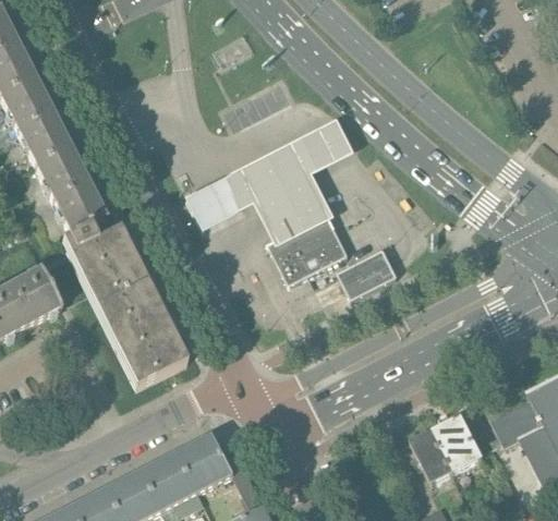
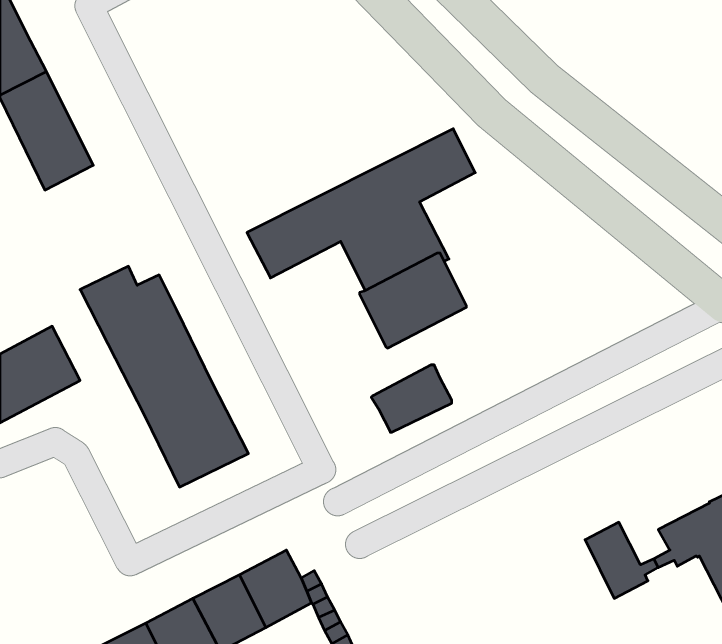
building: [35,145,106,233] -> none
building: [338,245,398,295] -> [371,365,452,432]
building: [411,424,459,481] -> none

